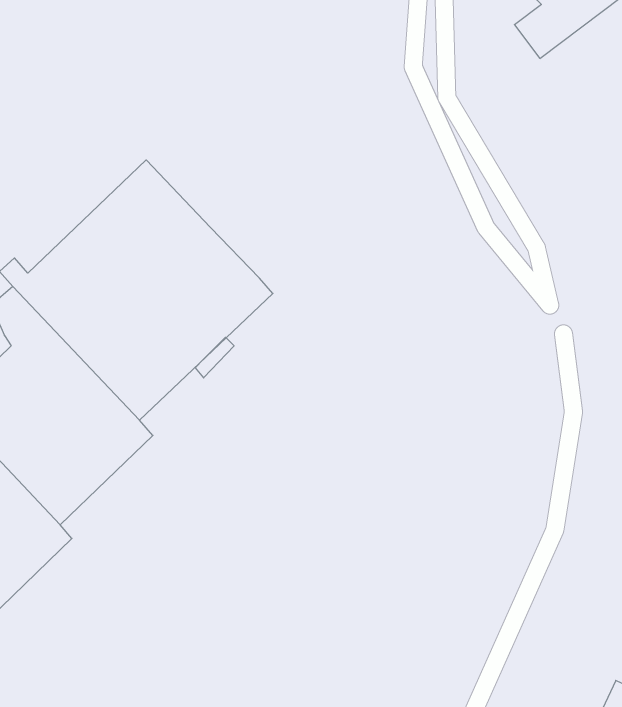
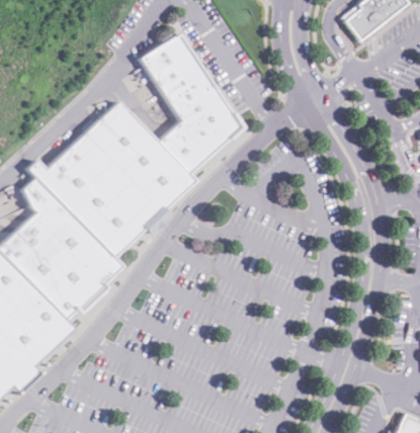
building: none -> [138,33,236,172]

